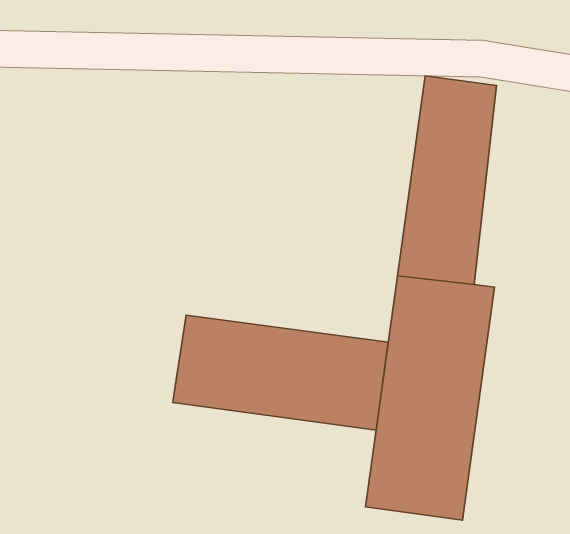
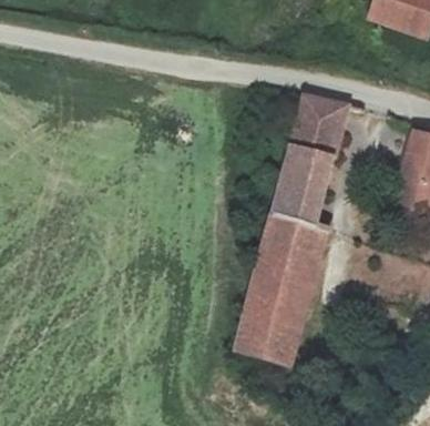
building: [173,315,388,430] -> none

